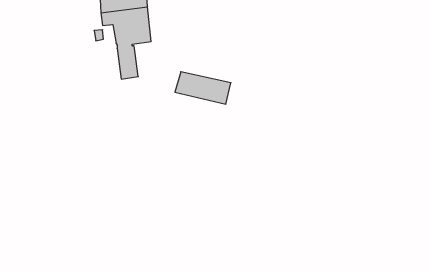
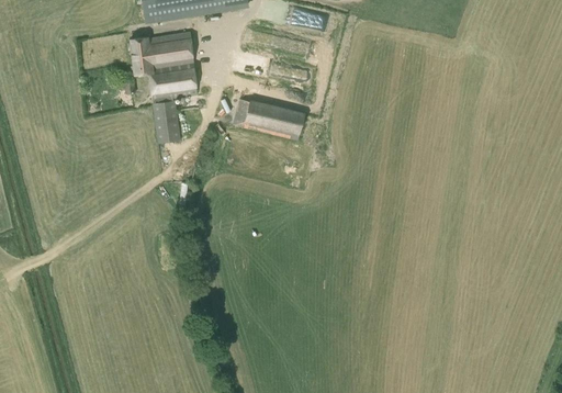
building: [175,72,231,104] -> [232,98,304,139]

